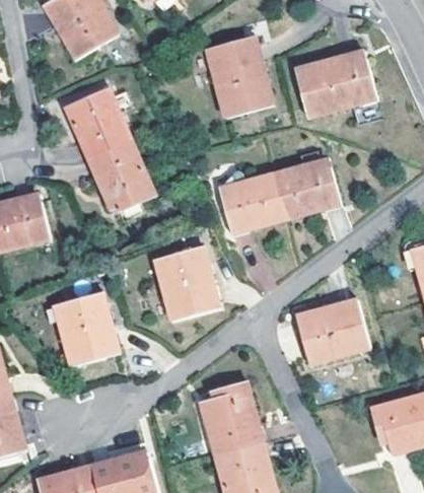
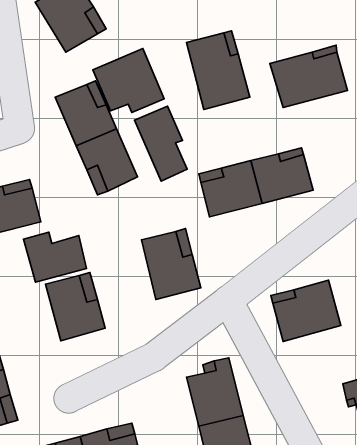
building: none -> [93,48,164,112]
building: none -> [134,106,187,181]
building: none -> [23,232,86,282]

